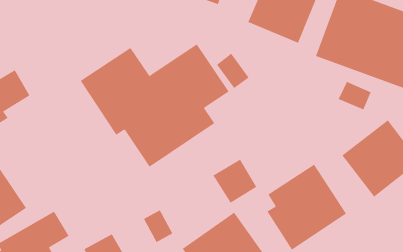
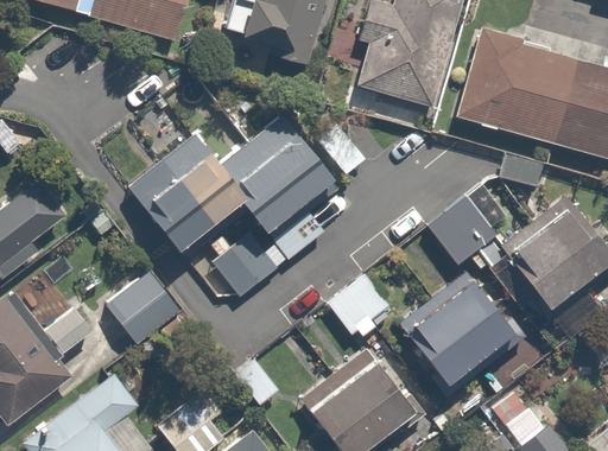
building: none -> [426,191,500,263]
building: none -> [103,267,185,348]

